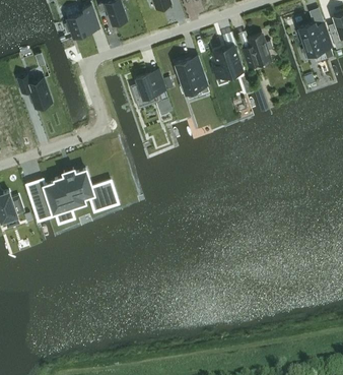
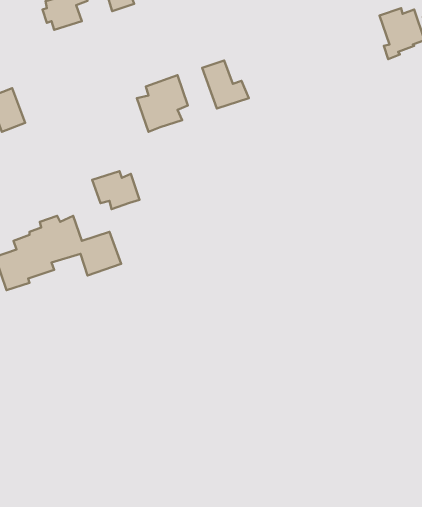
building: [244,35,273,66] -> none
building: [212,47,242,78] -> none
building: none -> [92,171,140,209]

